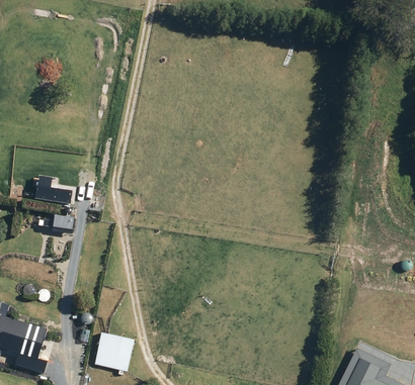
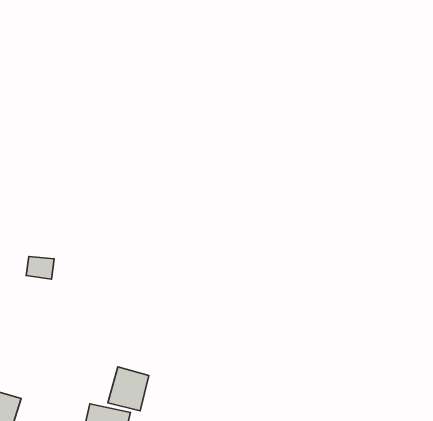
building: [34,175,71,202] -> none
building: none -> [108,367,149,411]

